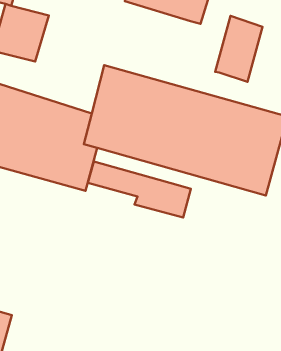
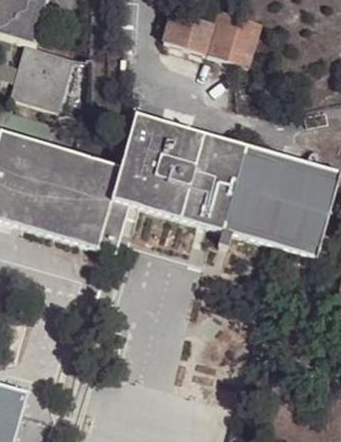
building: [215,16,263,82] -> none
building: [88,162,191,218] -> none

